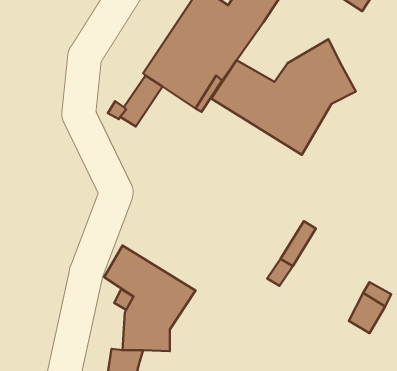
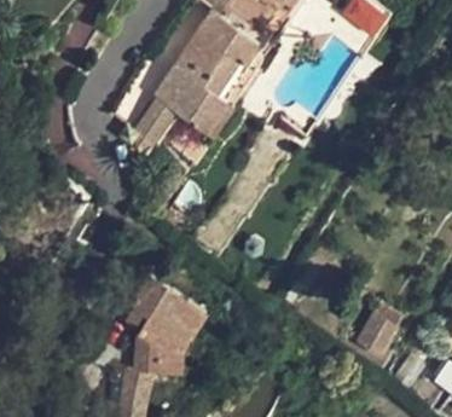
building: [211,39,356,155] -> none

